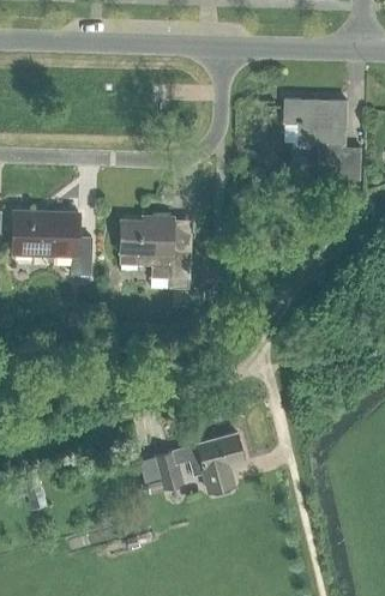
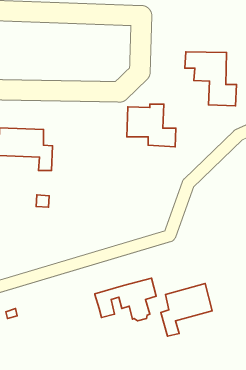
building: [119,217,191,279] -> [127,104,176,147]
building: none -> [161,284,212,336]

